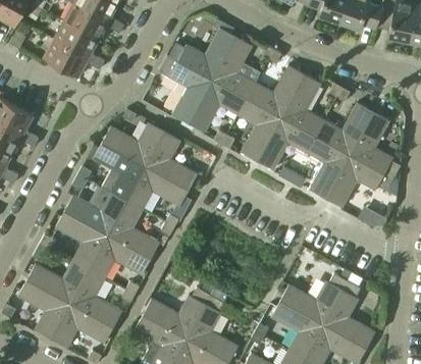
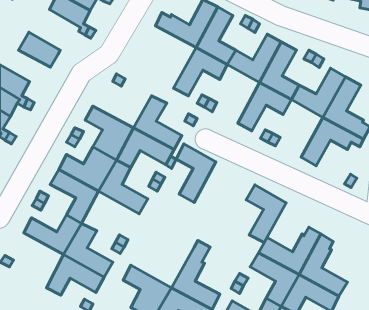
building: [43,39,88,76] -> [18,32,60,67]
building: [161,56,212,123] -> none
building: [238,98,280,161] -> [176,144,216,203]
building: [101,122,164,166] -> none
building: [306,136,349,198] -> [246,185,286,242]
building: [89,235,151,277] -> none
building: [17,279,69,339] -> none
building: [142,288,210,339] -> none

